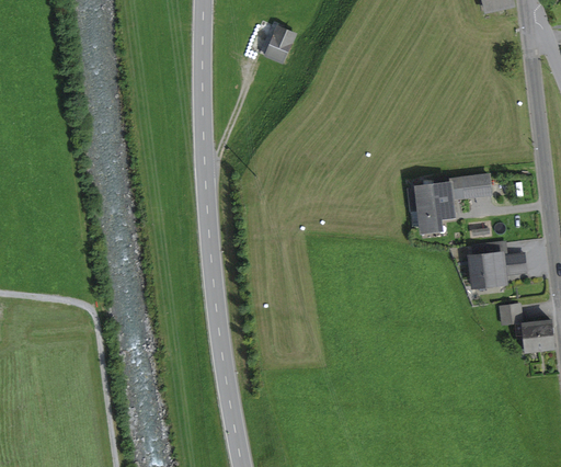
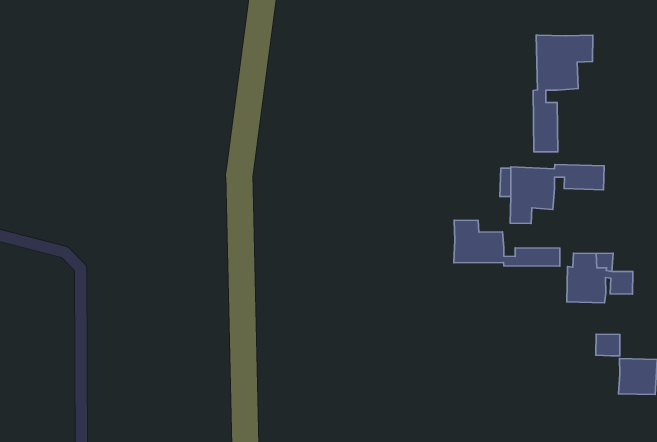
building: none -> [533,35,593,152]
building: none -> [454,220,560,266]

